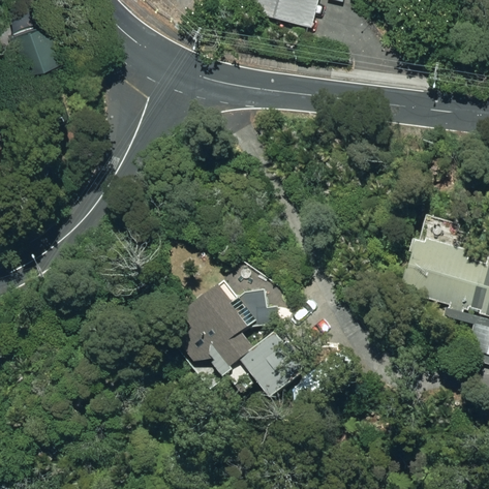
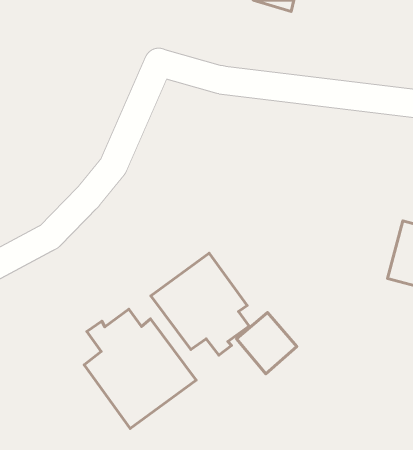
building: [9,23,61,74] -> none
building: none -> [84,309,196,428]

